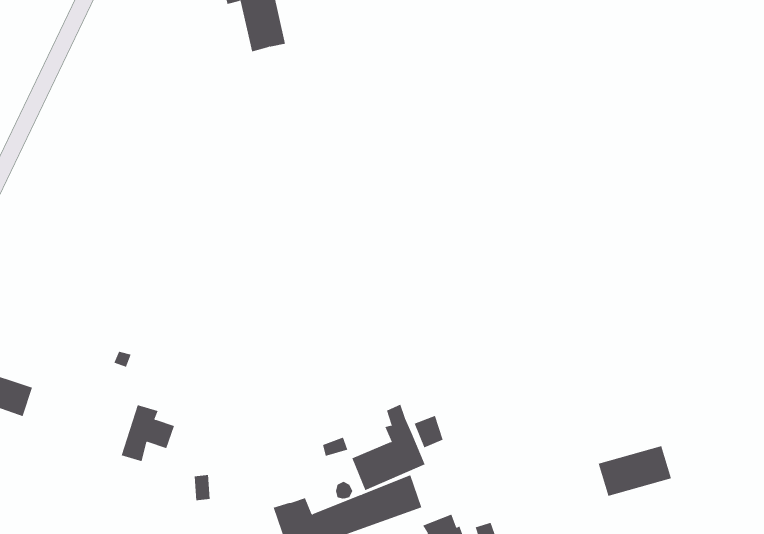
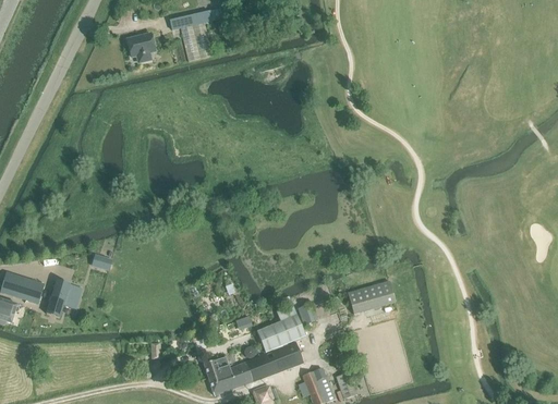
building: none -> [126,34,154,62]
building: [121,404,175,462] -> [46,280,82,318]
building: [598,446,672,497] -> [348,279,397,313]

